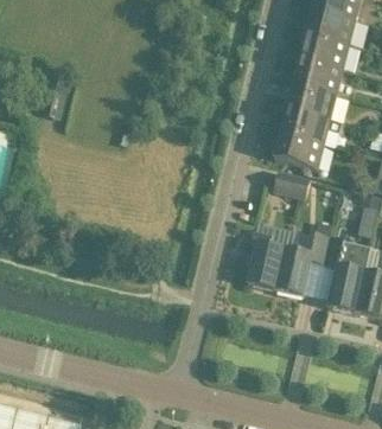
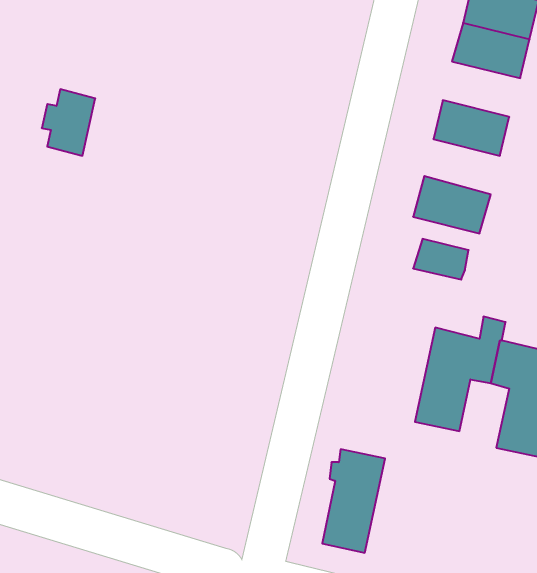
building: [293,59,343,95] -> none
building: [281,109,343,145] -> none
building: [248,224,288,290] -> [322,449,385,553]

